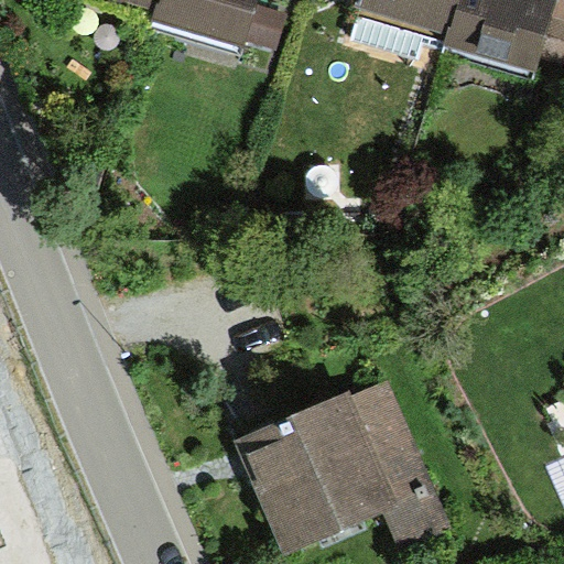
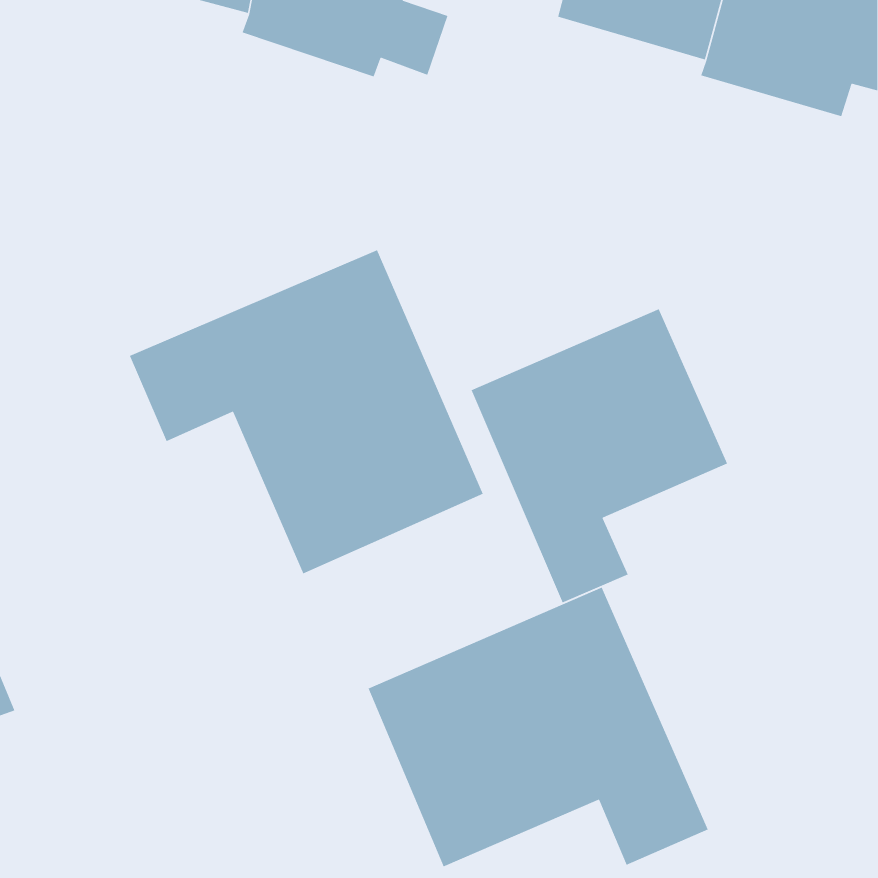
building: none -> [129,249,484,575]
building: none -> [471,308,728,604]

